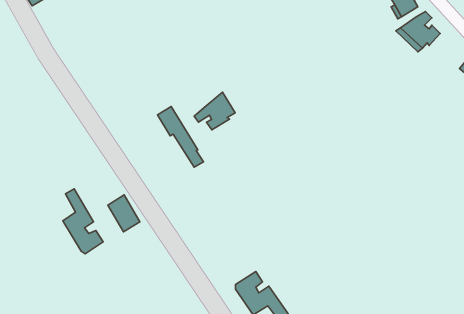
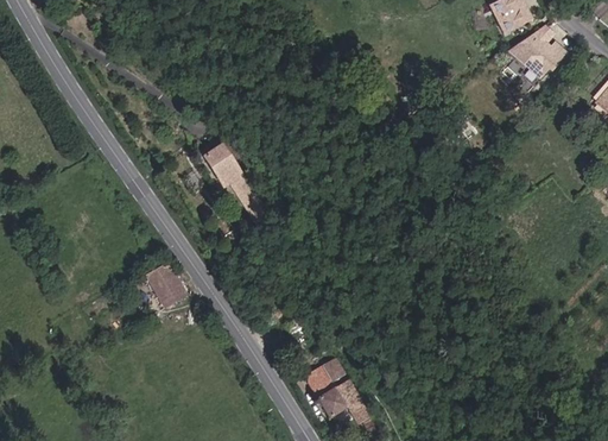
building: [194,92,235,130] -> none
building: [63,189,103,254] -> none

